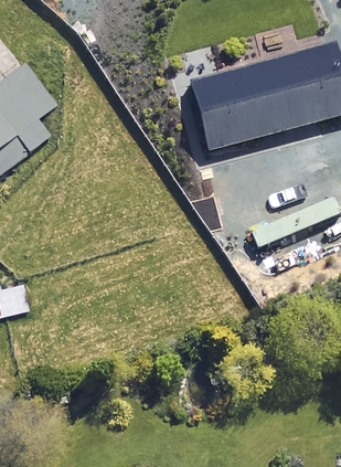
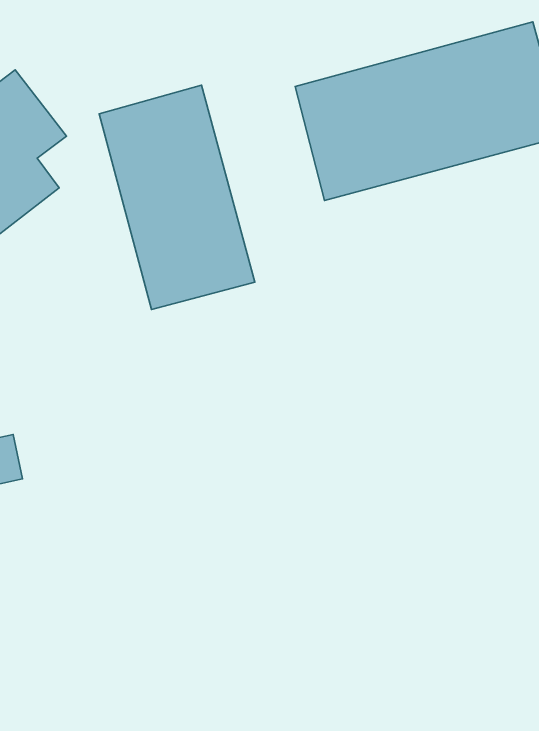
building: none -> [99,85,255,309]

